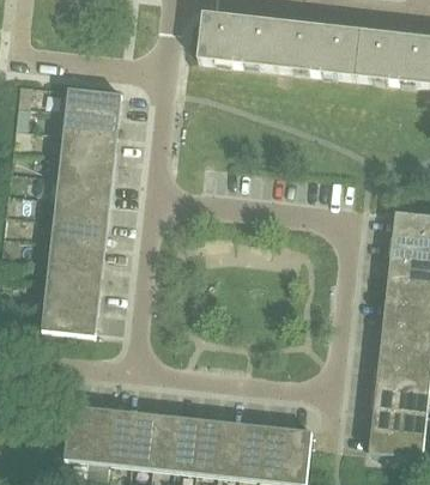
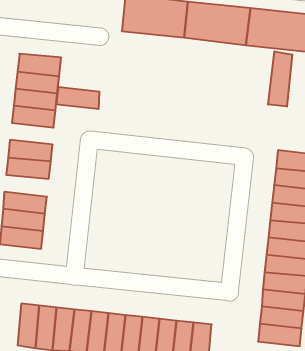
building: none -> [268,51,292,107]
building: [55,174,110,201] -> [56,87,100,109]
building: [48,240,104,267] -> none

